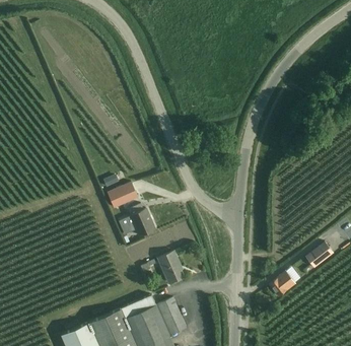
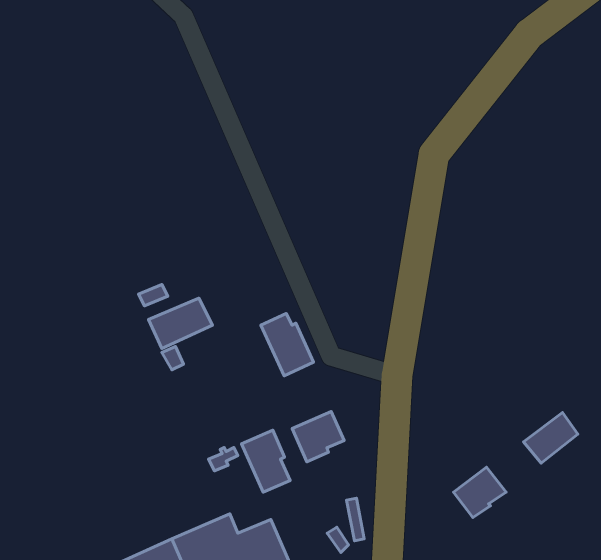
building: [127,204,154,236] -> [261,314,313,376]
building: none -> [292,412,344,462]

